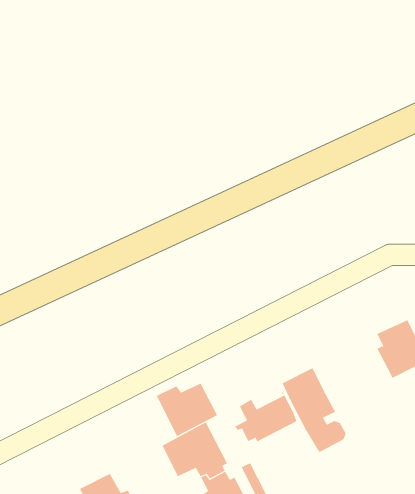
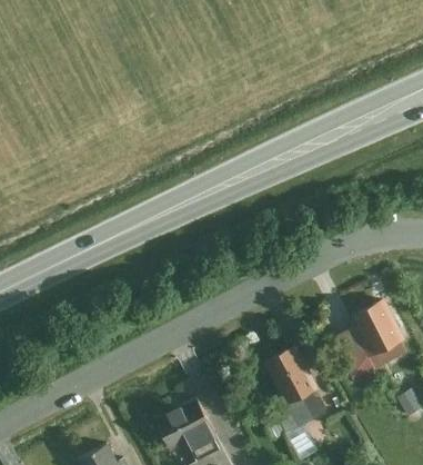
building: [156,383,218,437] -> none
building: [235,391,297,442] -> none

